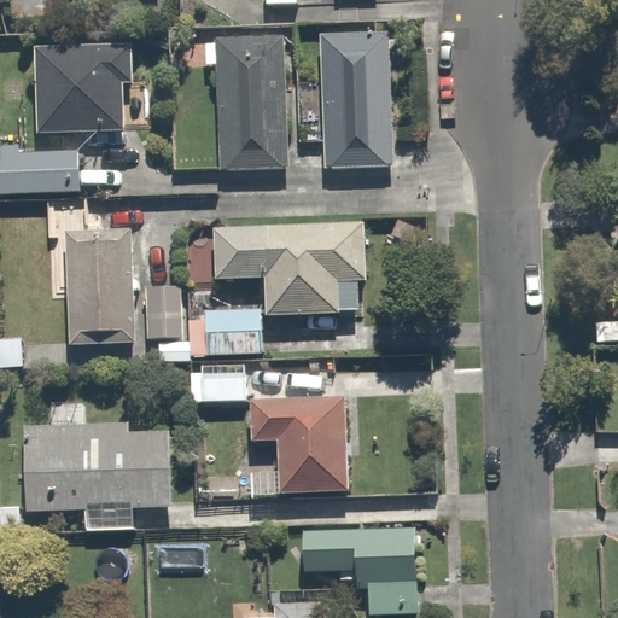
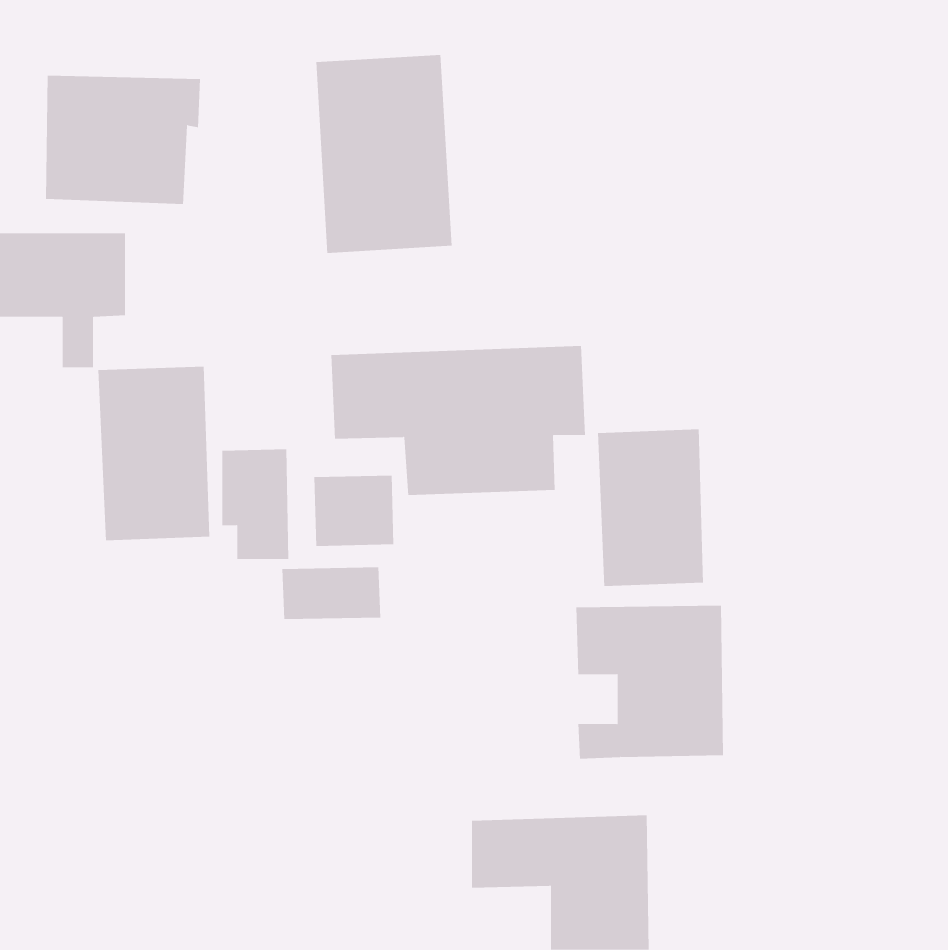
building: [322,33,386,168] -> none
building: none -> [598,429,704,587]
building: [250,396,345,495] -> [576,605,724,759]
building: [22,421,171,512] -> none

